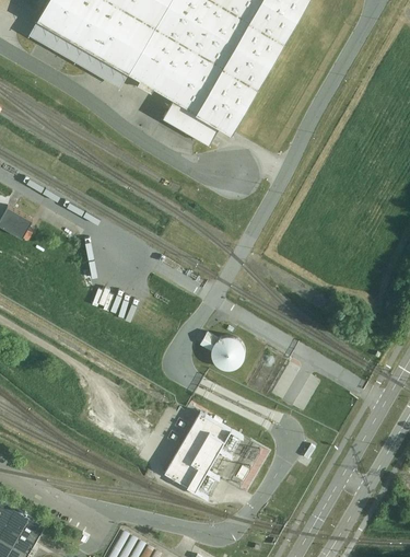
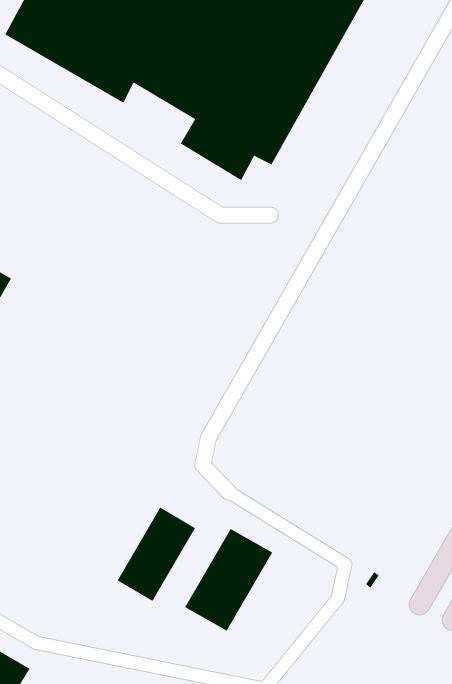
building: [210,335,244,369] -> none
building: none -> [117,506,196,602]

